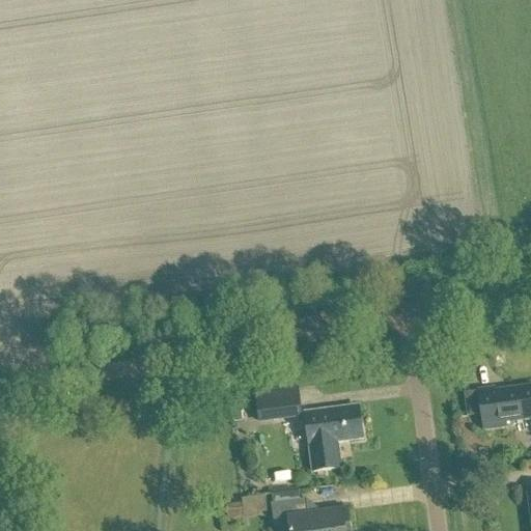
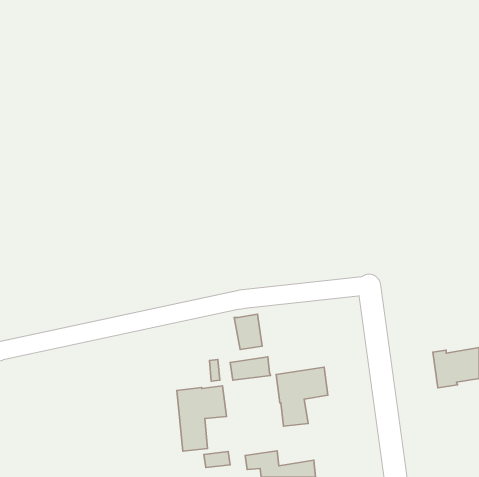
building: none -> [234,314,262,350]
building: none -> [177,386,226,451]

